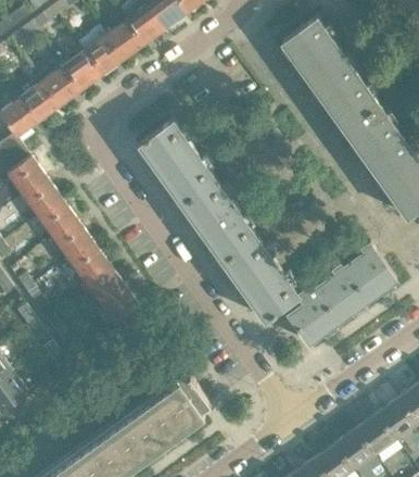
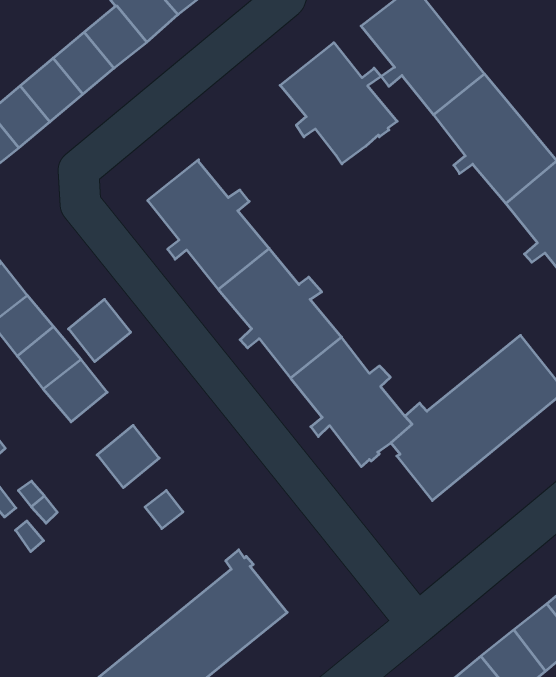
building: none -> [280,43,397,164]
building: [84,263,123,302] -> [68,299,131,362]

